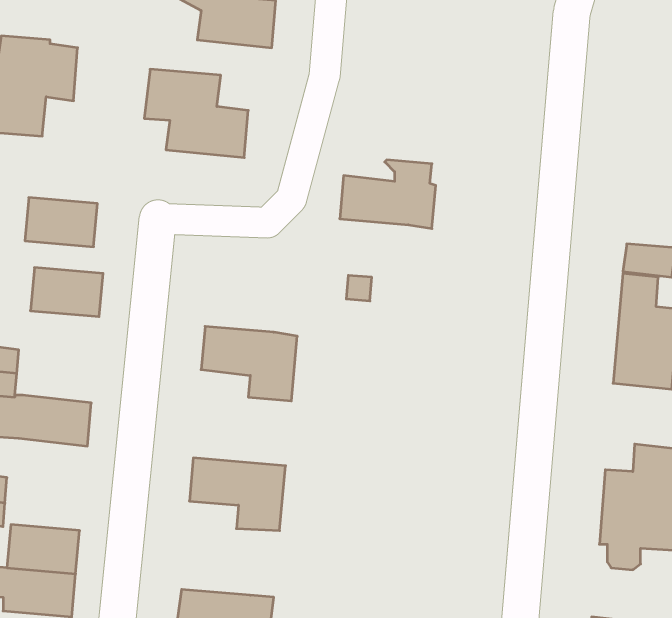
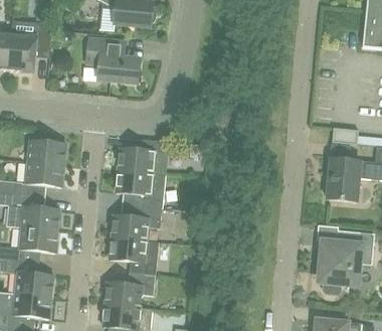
building: [340,160,436,229] -> [118,139,167,174]
building: [25,198,97,247] -> [26,161,63,186]
building: none -> [112,205,162,239]
building: none -> [20,226,57,253]
building: none -> [106,273,156,307]

